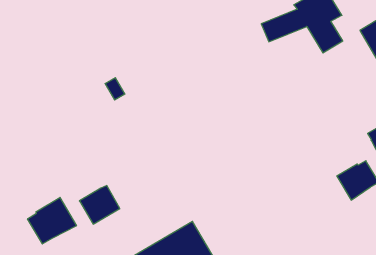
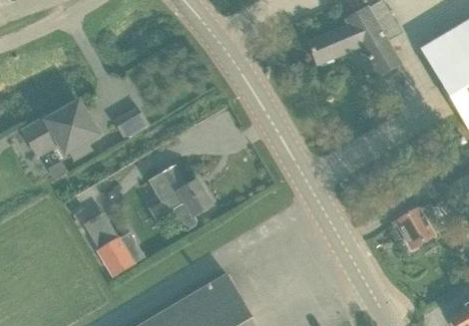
building: none -> [27,103,101,159]
building: none -> [147,164,212,230]
building: [28,197,76,244] -> none

